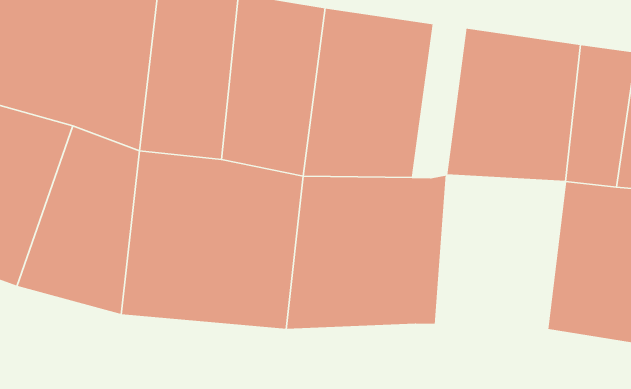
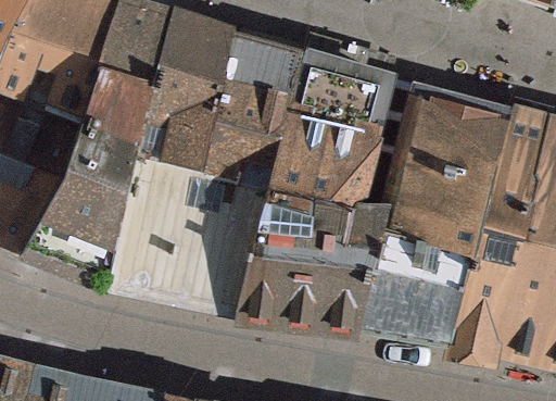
building: none -> [363,202,483,339]

